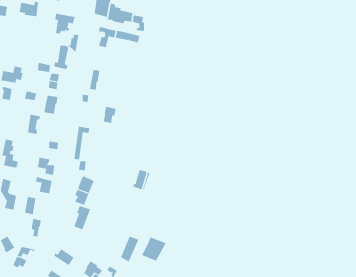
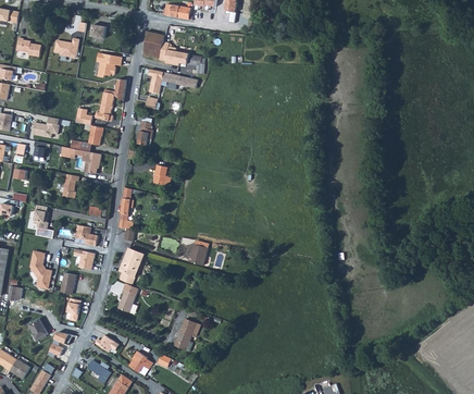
building: [141,236,167,261] -> none

